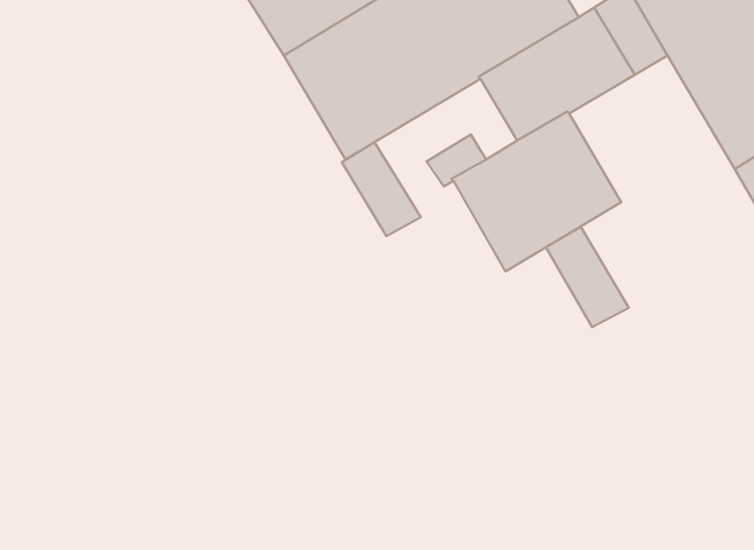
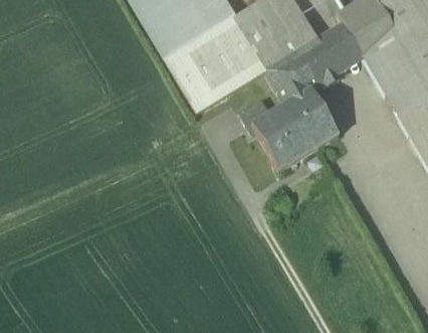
building: [342,142,421,236] -> none
building: [546,227,629,327] -> none

